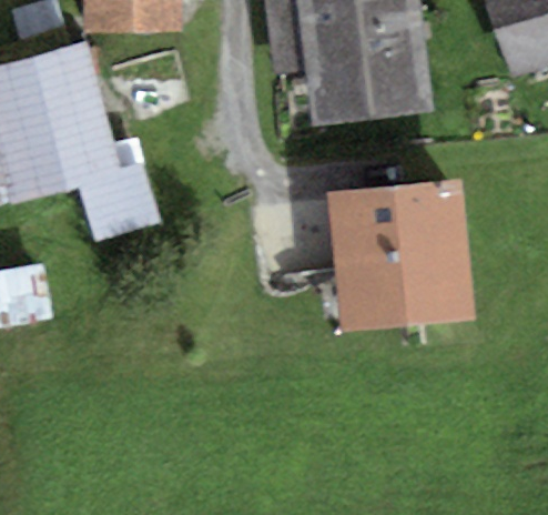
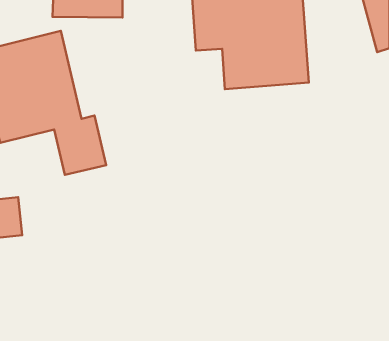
building: [335,185,479,325] -> none

